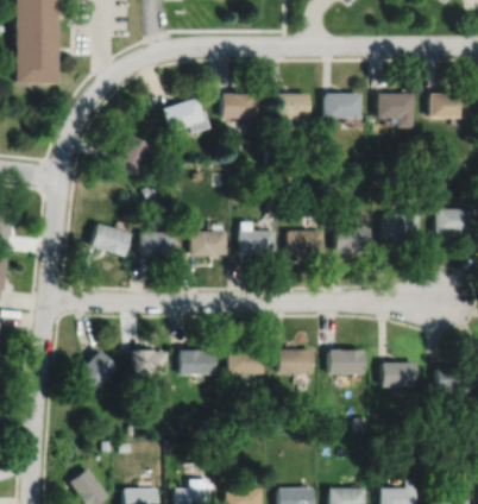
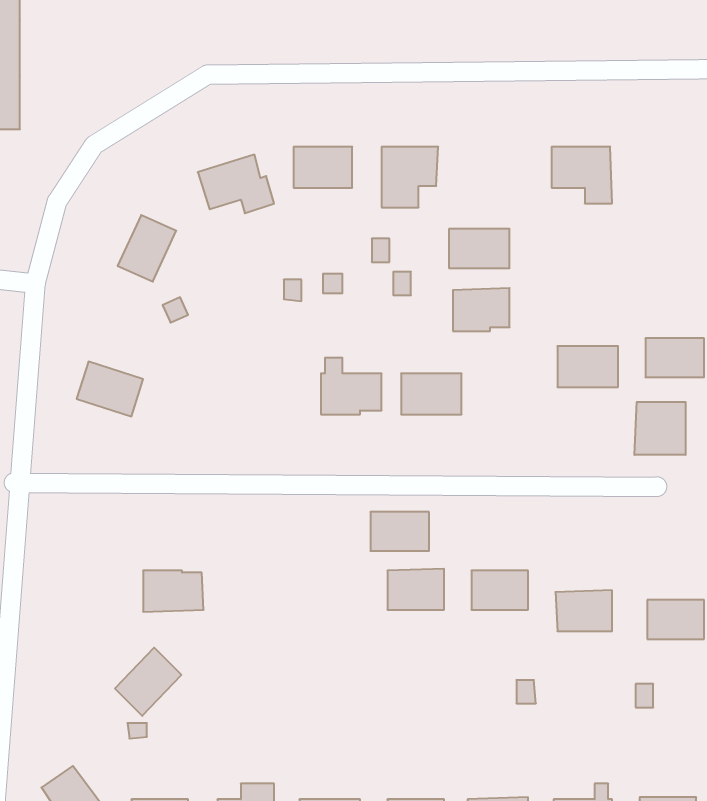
building: [326,93,363,116] -> [449,229,510,268]
building: [433,93,468,116] -> none
building: [335,227,370,253] -> [453,288,510,331]
building: [190,231,227,256] -> none
building: [140,232,176,257] -> none
building: none -> [634,402,686,455]
building: [76,351,117,392] -> [115,648,181,716]
building: [180,351,215,376] -> none
building: [228,351,264,374] -> [370,512,429,551]

